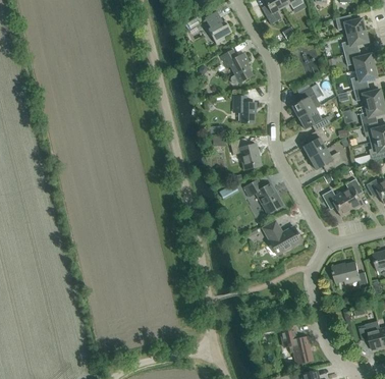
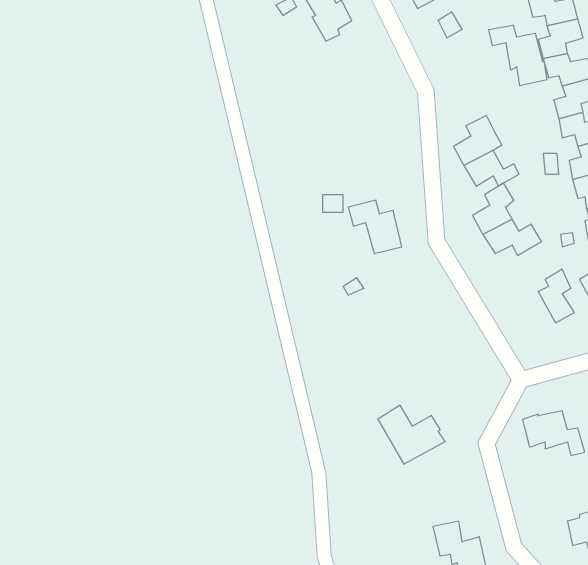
building: none -> [489,25,547,86]
building: [220,50,253,85] -> none
building: [233,96,254,123] -> none
building: [243,180,282,213] -> none
building: [322,190,351,216] -> none
building: [262,220,301,255] -> [378,405,445,464]

